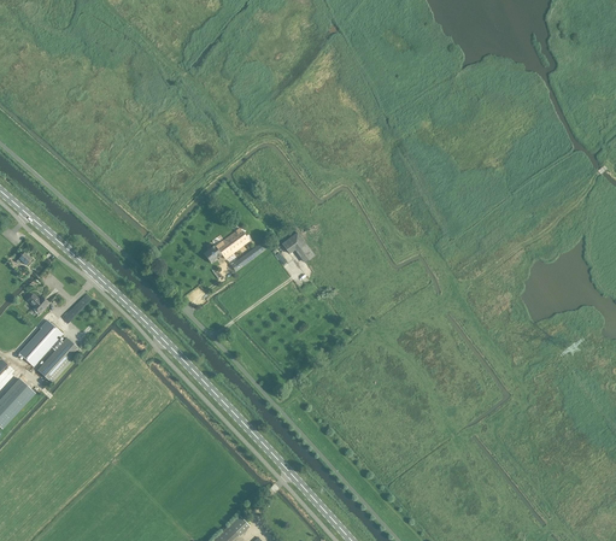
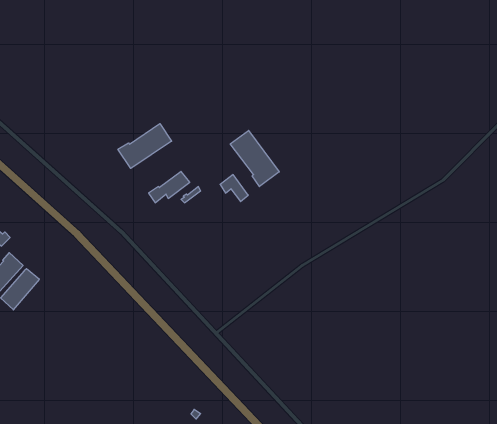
building: none -> [118,124,172,168]
building: none -> [230,130,279,187]

